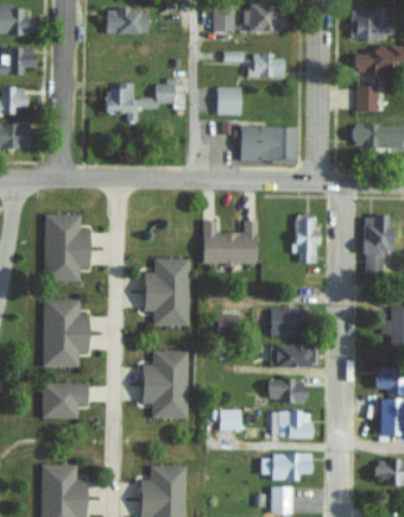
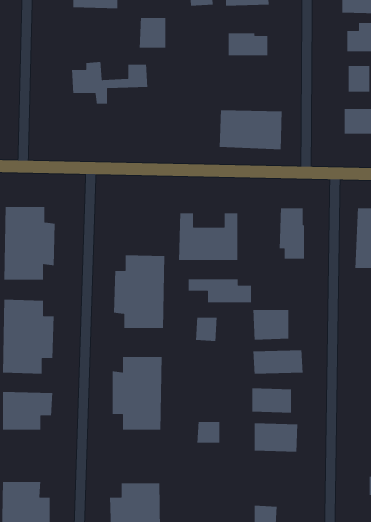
building: [216,87,241,115] -> [139,17,166,48]
building: none -> [188,279,252,303]
building: [260,453,311,480] -> none

